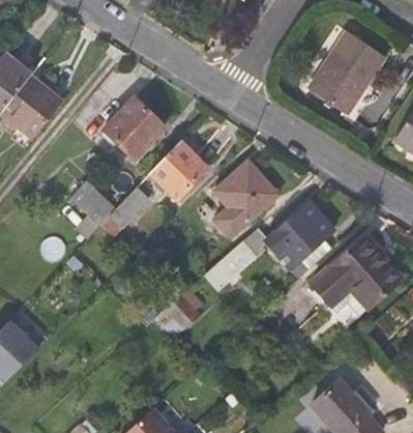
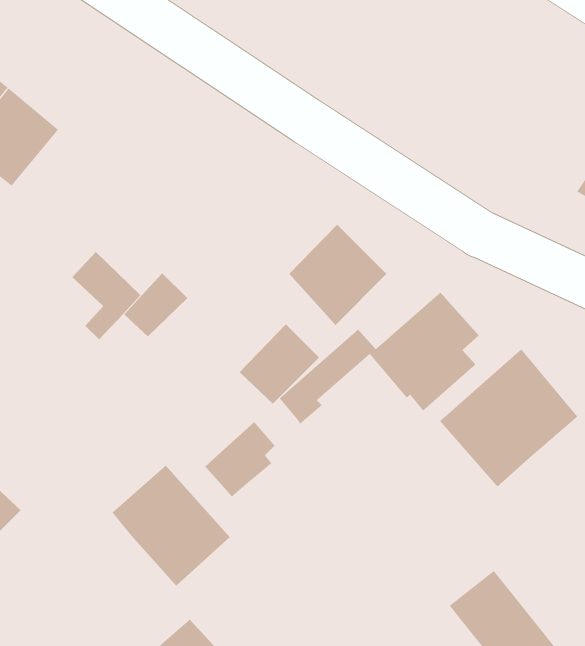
building: [308,29,384,111] -> none
building: [105,97,166,158] -> none
building: [155,145,207,197] -> [239,324,320,404]
building: none -> [112,465,231,586]

